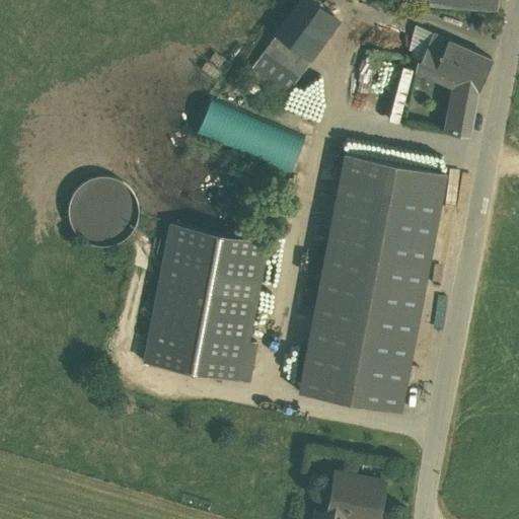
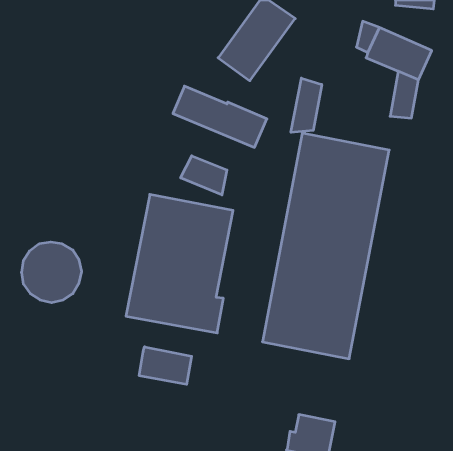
building: none -> [291,78,322,132]
building: [69,178,138,247] -> [21,242,82,303]
building: none -> [181,156,227,195]
building: none -> [139,347,192,384]

